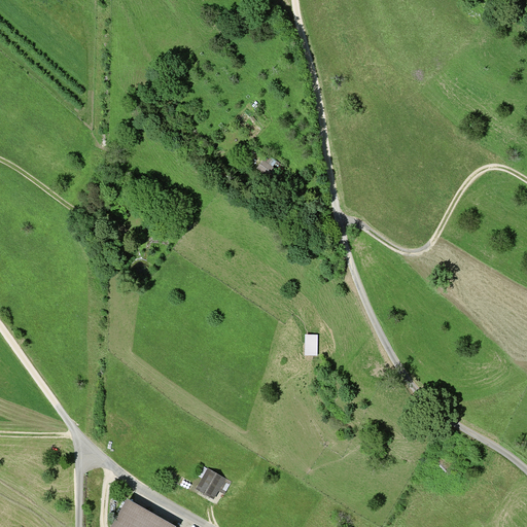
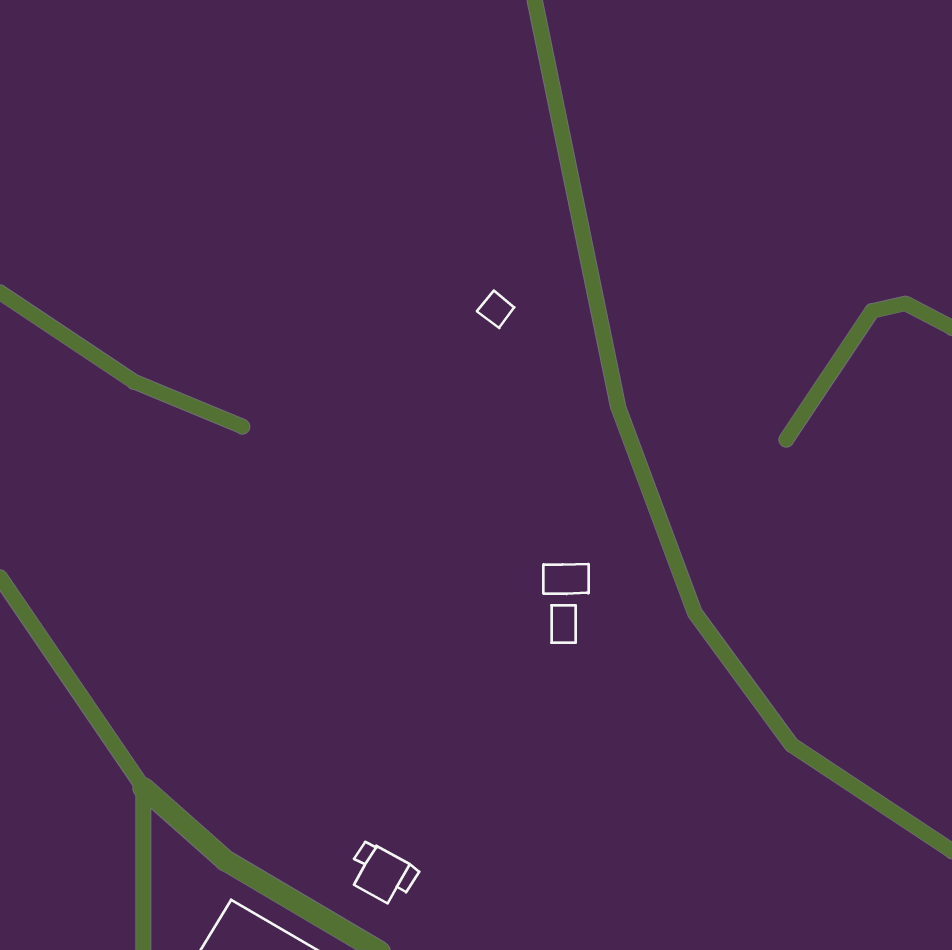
building: none -> [544,564,588,594]

